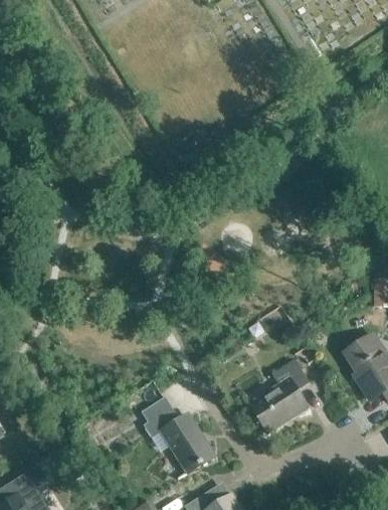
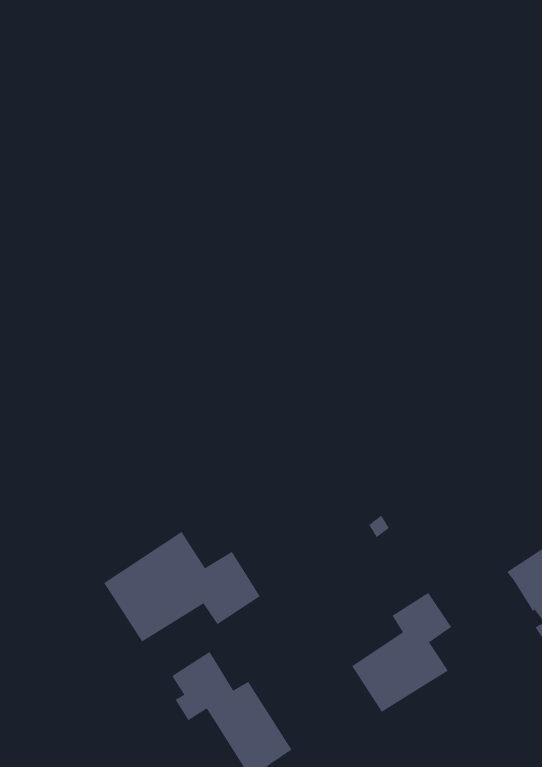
building: none -> [103,531,261,642]

